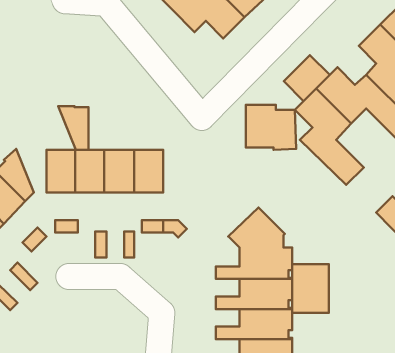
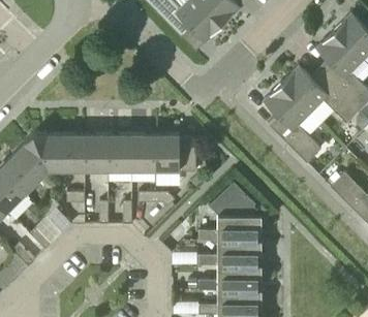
building: [284,55,330,101] -> none
building: [246,105,296,150] -> [155,134,196,171]
building: [58,106,88,150] -> [34,133,59,169]
building: [292,264,329,313] -> none

